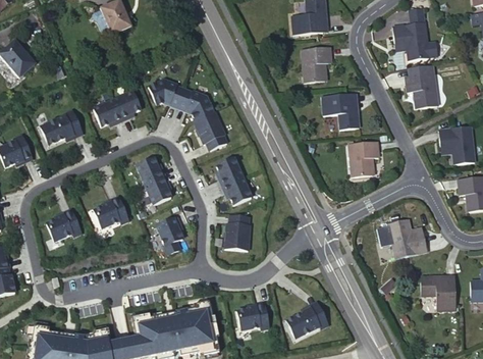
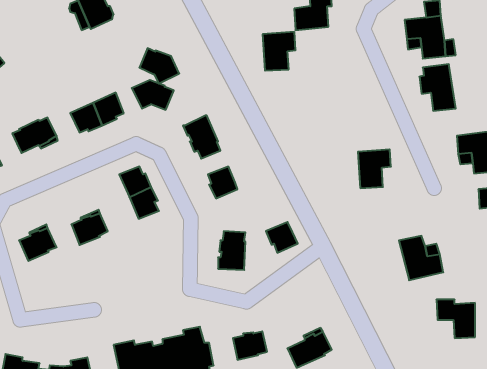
building: [303,47,332,82] -> [263,32,296,71]
building: [178,89,214,120] -> [139,48,179,84]
building: [323,94,360,129] -> none
building: [223,177,252,205] -> [266,222,298,253]
building: [156,217,182,255] -> none

